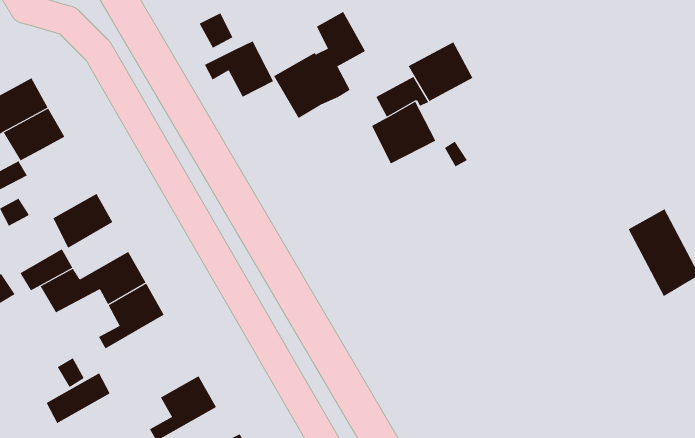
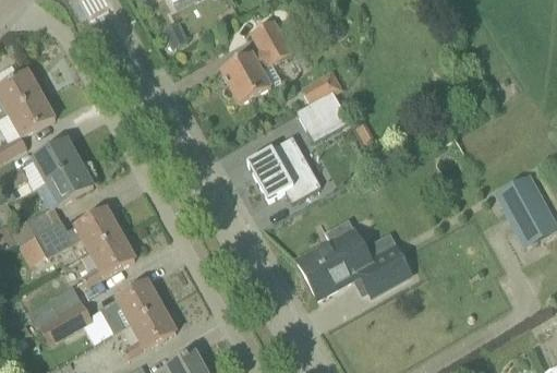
building: [204,40,274,98] -> none
building: [408,42,473,102] -> none
building: none -> [246,135,320,202]
building: none -> [33,139,81,181]
building: none -> [296,218,411,298]
building: none -> [99,280,161,333]

